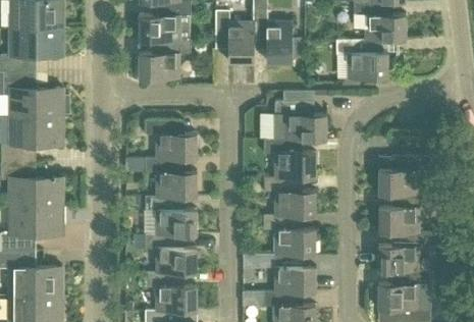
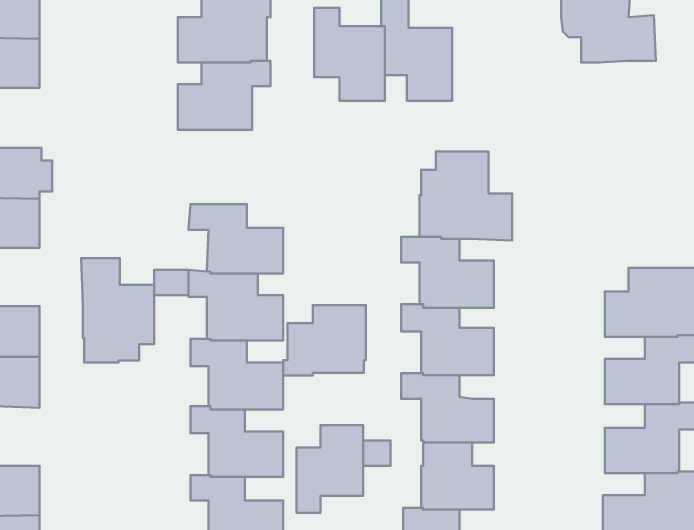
building: [336,40,388,79] -> none
building: none -> [81,258,154,363]
building: none -> [283,305,366,375]
building: none -> [297,425,363,513]

